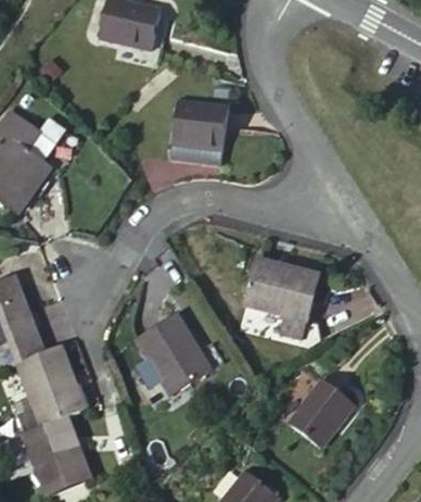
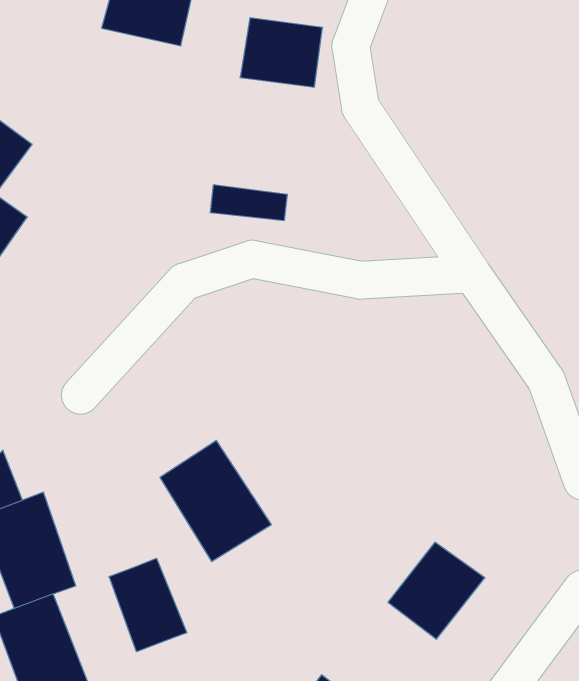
building: [173,100,228,147] -> [240,18,323,87]
building: [243,260,320,336] -> none
building: none -> [109,558,187,652]

